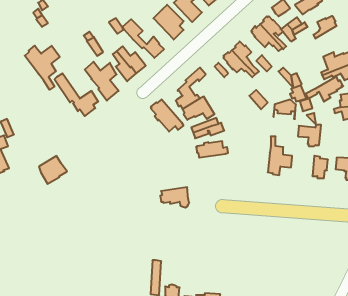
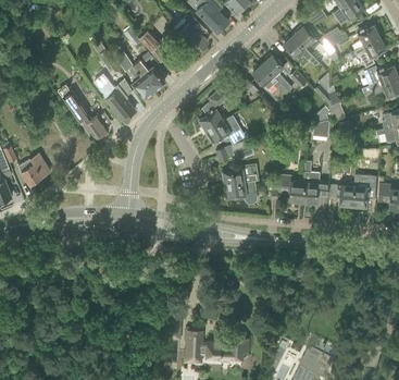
building: [25,46,60,90] -> none
building: [305,76,343,102] -> [344,37,386,65]
building: [151,99,183,132] -> none
building: [298,125,321,146] -> [327,183,353,207]
building: none -> [277,175,303,204]
building: [39,156,67,184] -> [18,154,50,185]
building: [160,187,189,208] -> [223,181,255,204]

